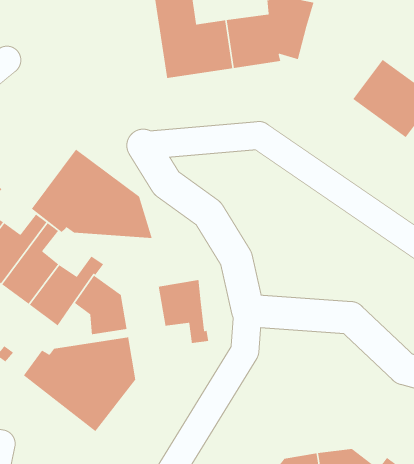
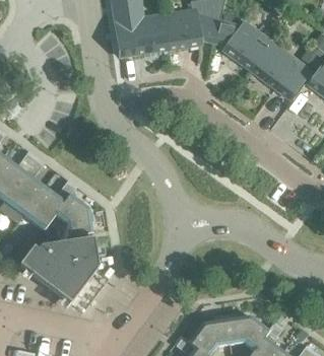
building: none -> [212,20,271,71]
building: [31,149,153,239] -> none
building: [158,279,209,344] -> none

